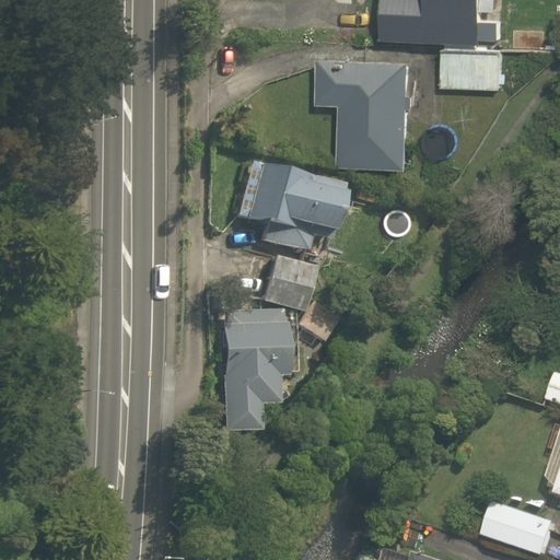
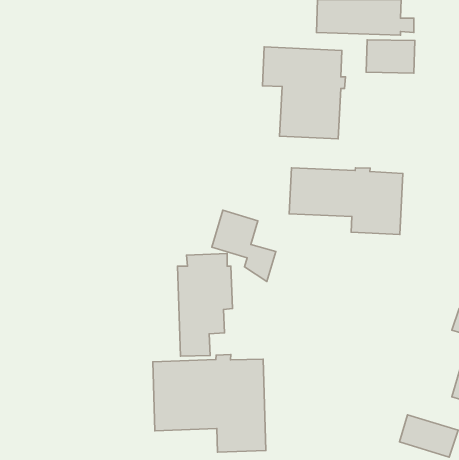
building: [236,163,340,252] -> none
building: none -> [289,168,403,234]
building: none -> [153,354,266,452]

